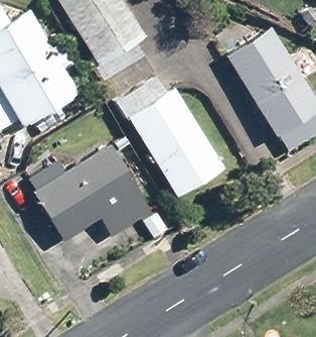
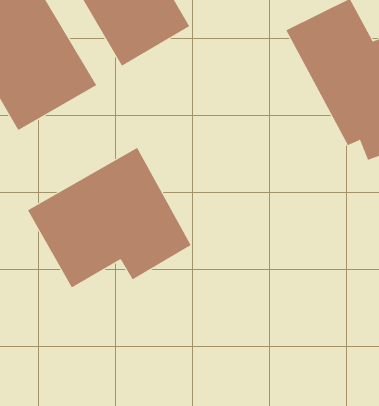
building: [115,72,222,197] -> none

